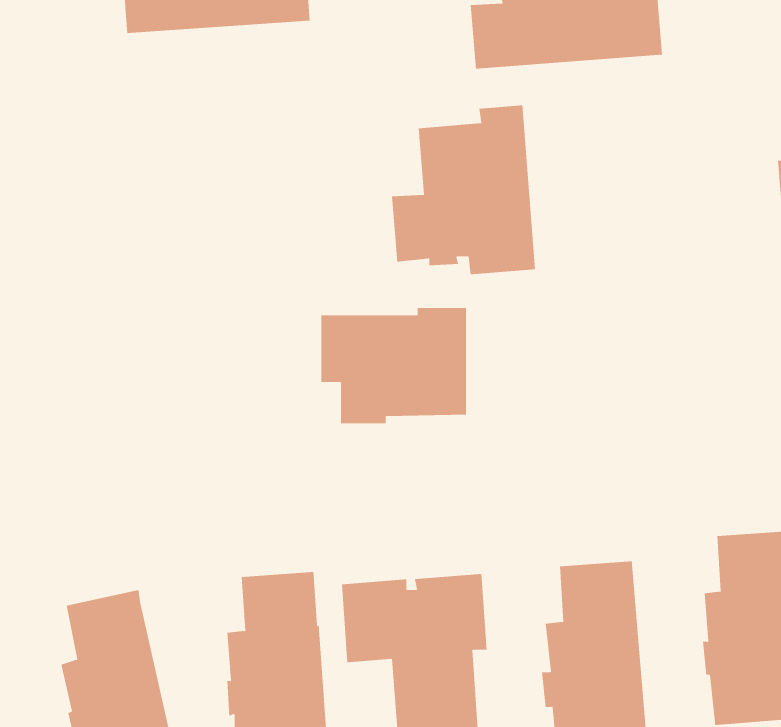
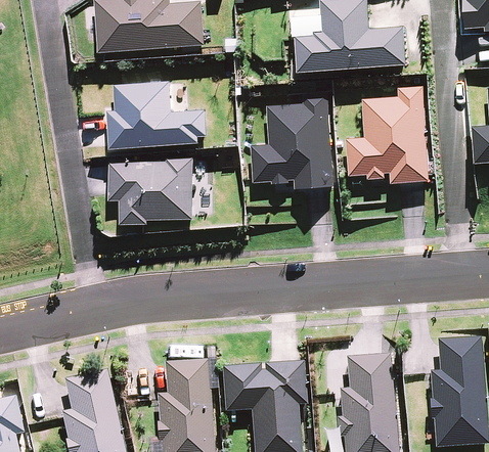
building: none -> [108,81,208,148]
building: none -> [347,86,429,183]
building: [320,308,467,424] -> [109,157,193,224]

